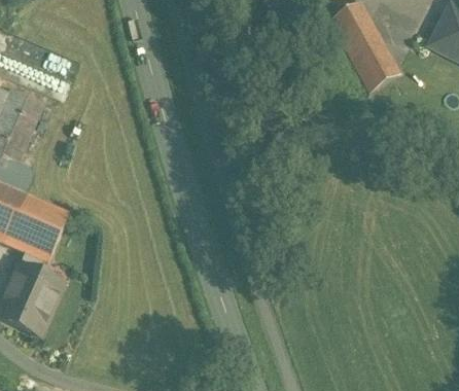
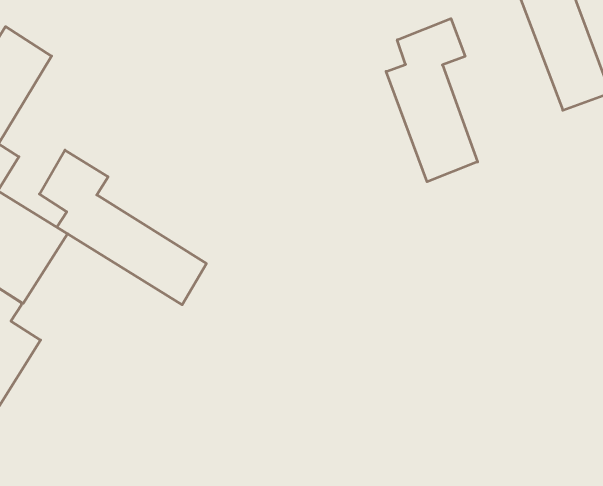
building: none -> [386,19,478,182]
building: none -> [39,150,206,305]

